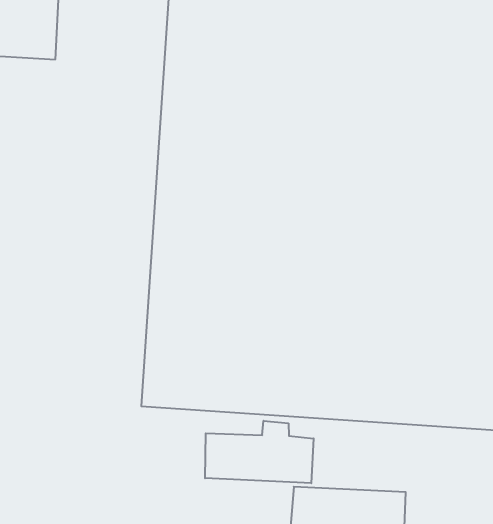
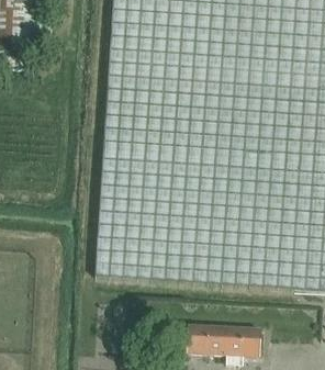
building: [205,421,314,483] -> none

